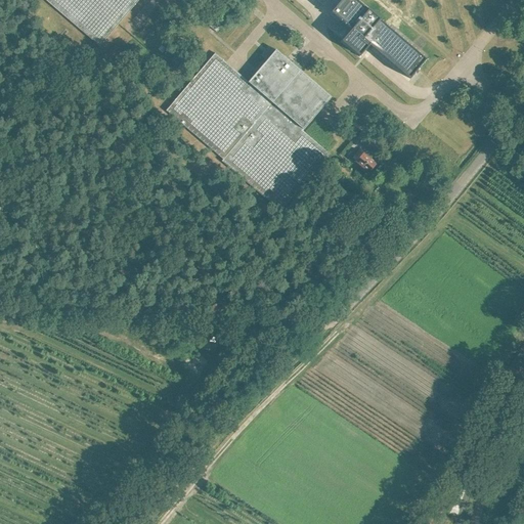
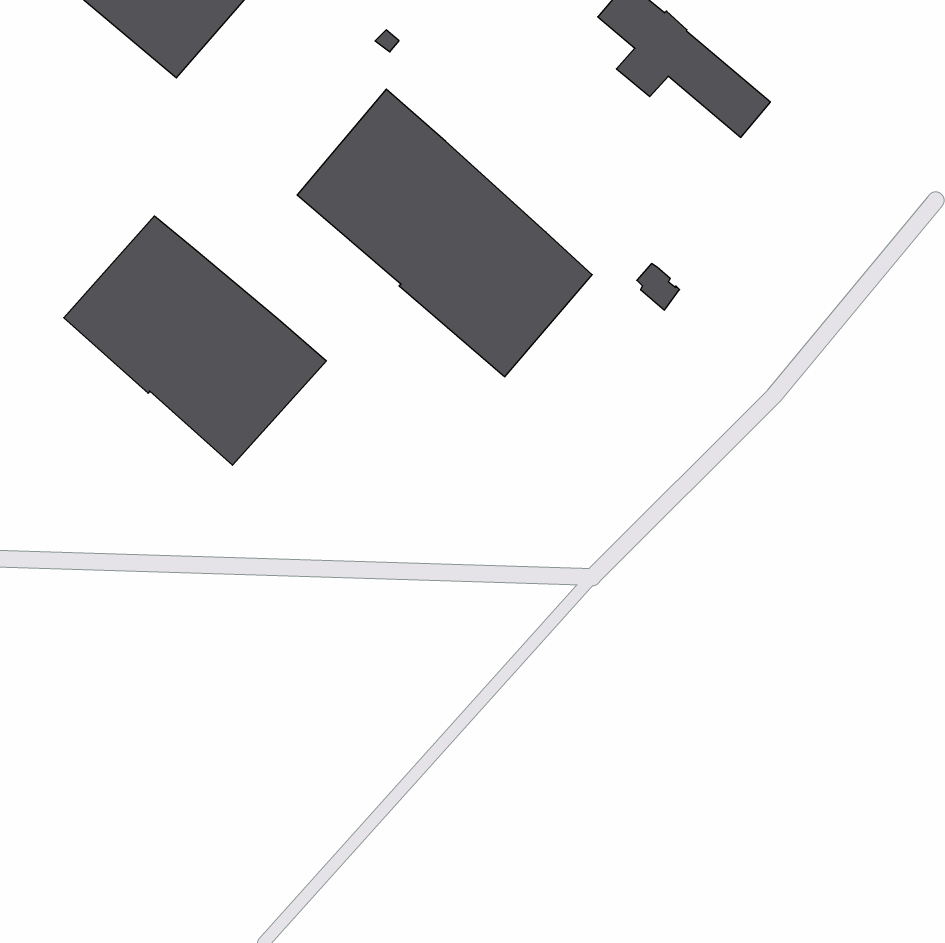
building: [246,46,330,128] -> none
building: none -> [64,216,326,465]

